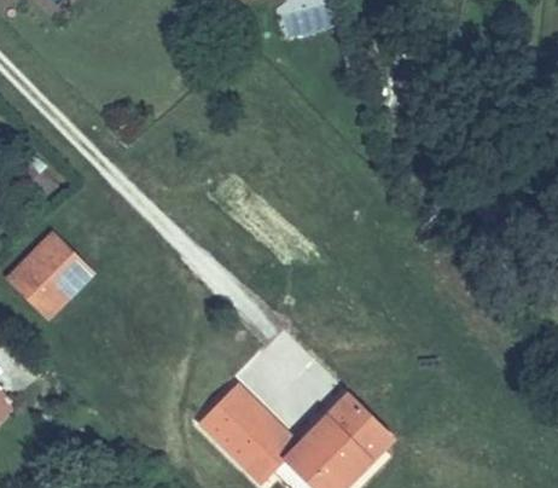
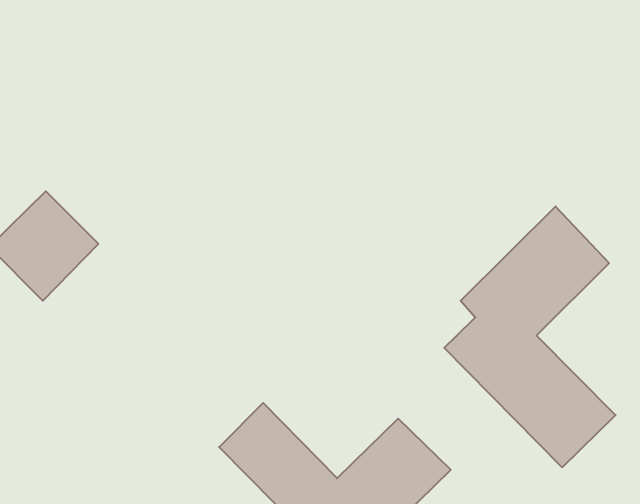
building: none -> [444,206,616,467]

